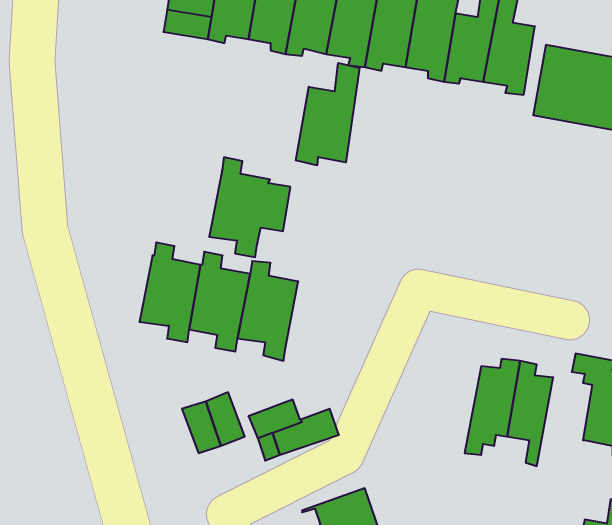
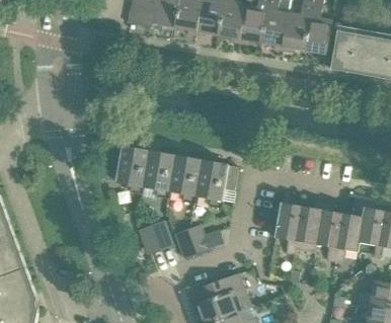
building: [296,63,360,165] -> none
building: [209,157,290,257] -> [194,153,239,208]
building: none -> [273,196,302,254]
building: none -> [332,210,363,262]

